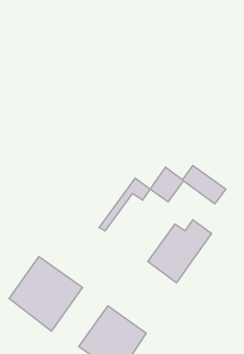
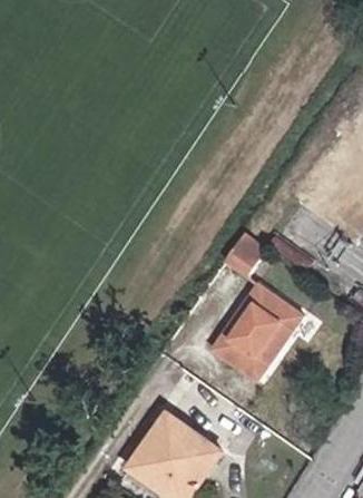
building: [99,178,150,231] -> [212,289,278,358]
building: [9,256,83,331] -> none

